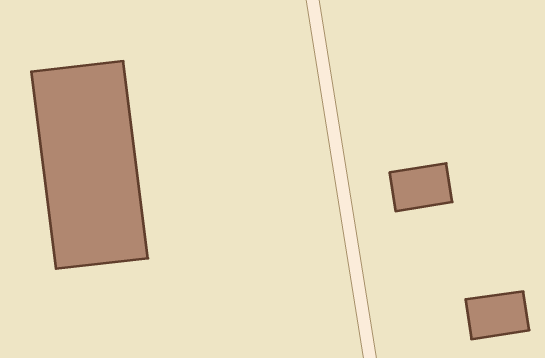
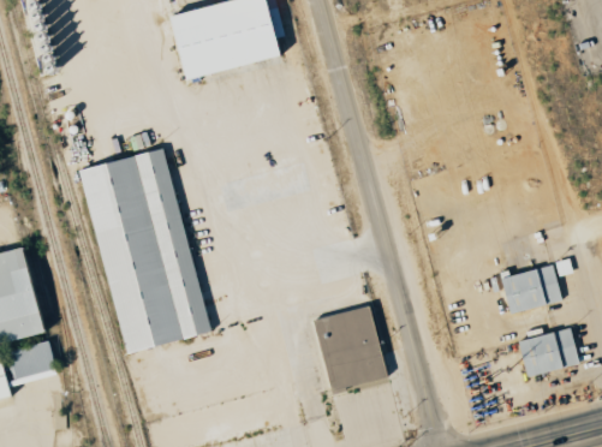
building: [390,163,452,211] -> [500,263,562,314]
building: none -> [315,305,387,389]

